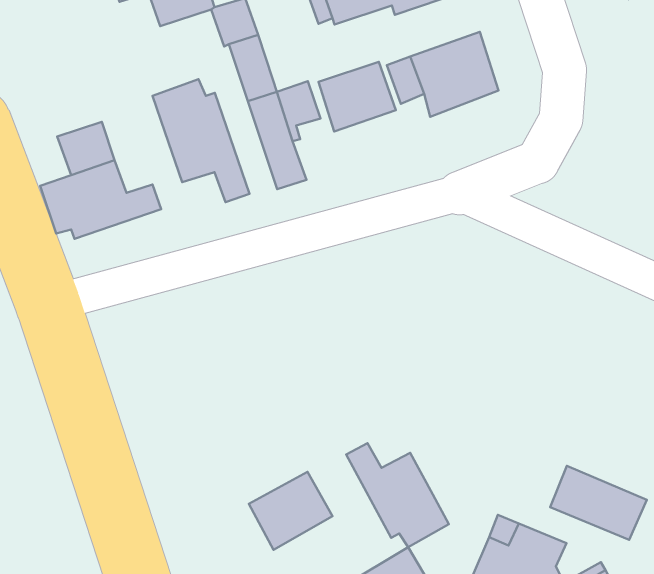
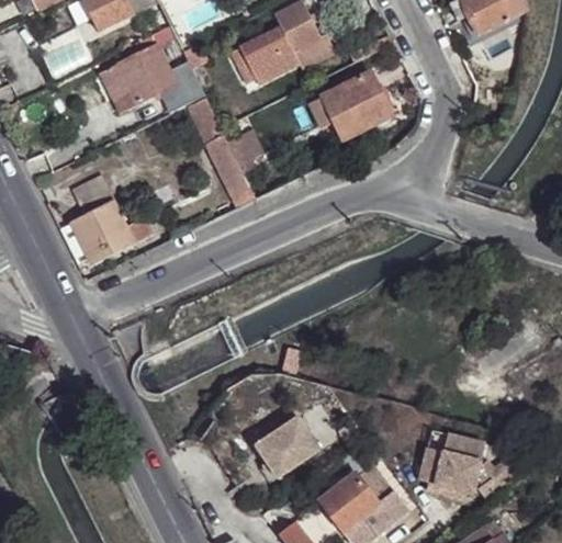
building: [319,62,396,132] -> none
building: [152,79,250,202] -> none
building: [346,443,449,547] -> none
building: [550,466,647,540] -> none

